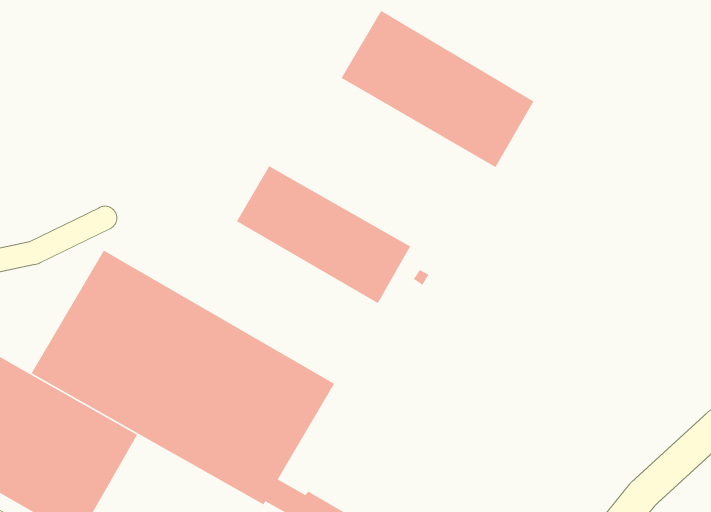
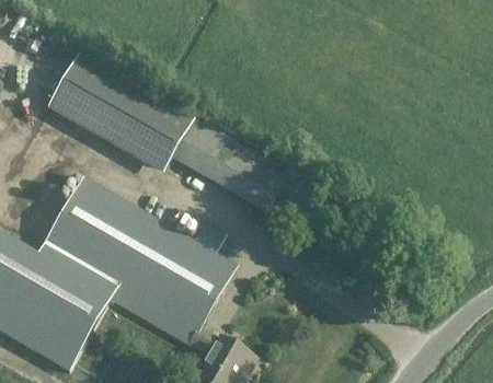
building: [341,10,534,168] -> none
building: none -> [47,50,192,170]

